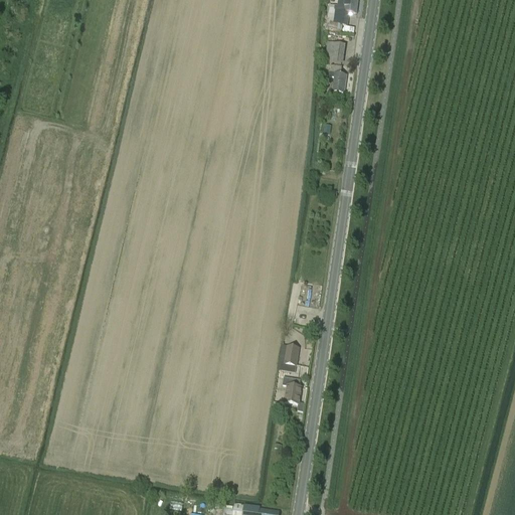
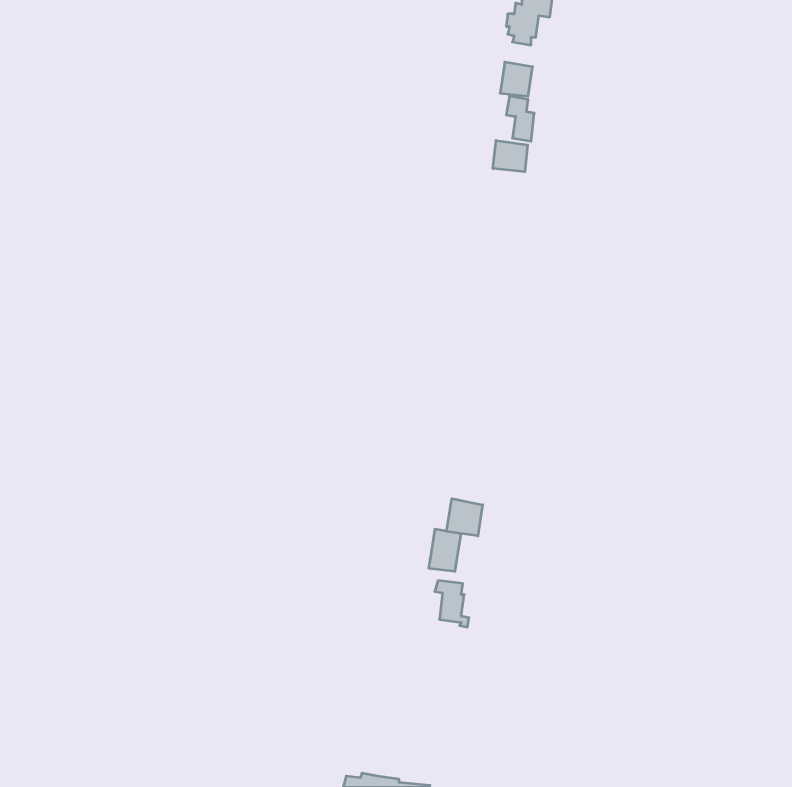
building: none -> [493,140,528,172]
building: none -> [447,499,483,536]

